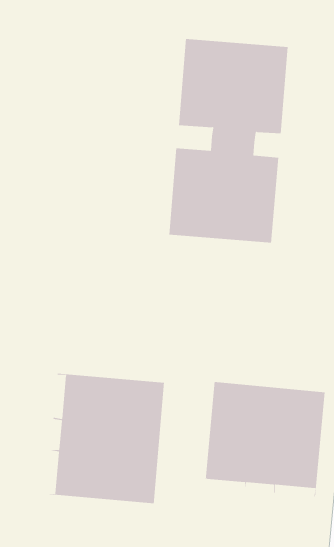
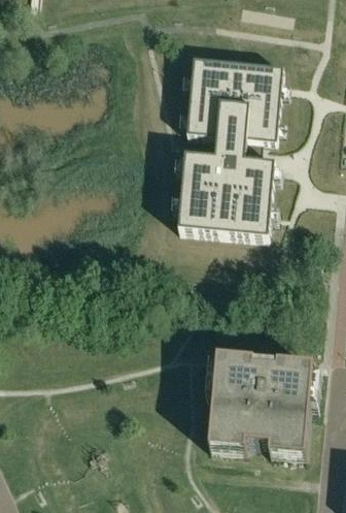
building: [46,373,165,504] -> none

